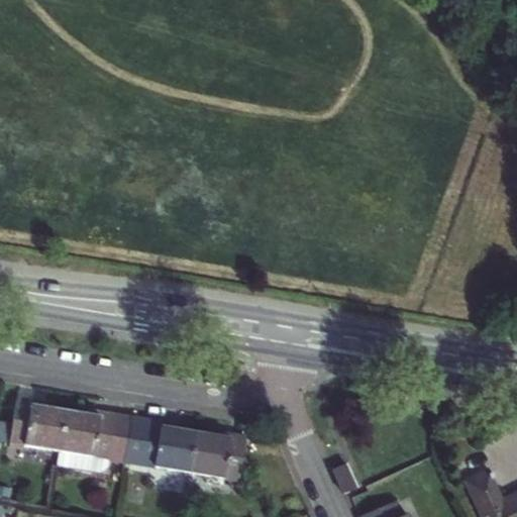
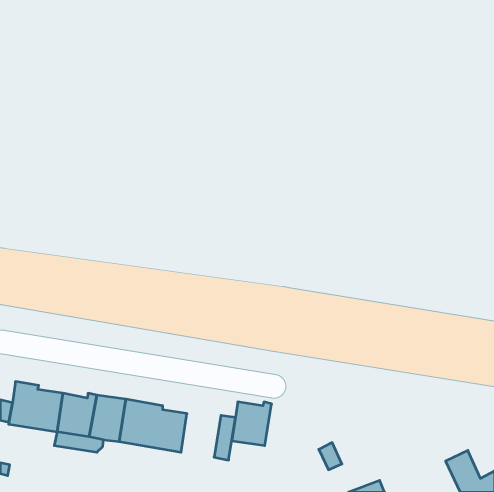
building: [190,431,231,477] -> [232,402,272,446]

